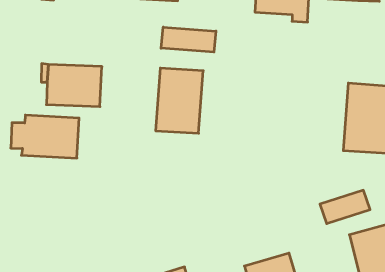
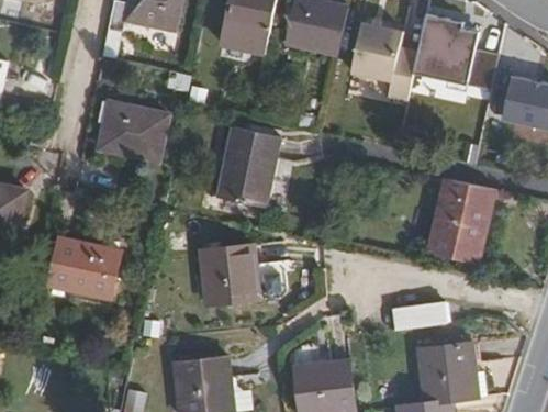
building: [161,27,216,52] -> none
building: [11,115,79,158] -> [40,241,122,298]
building: none -> [202,244,262,304]

